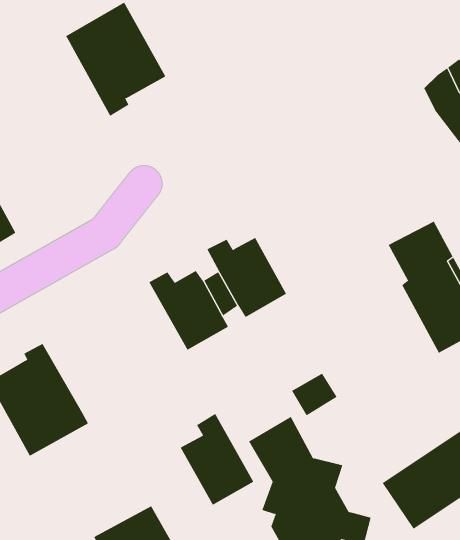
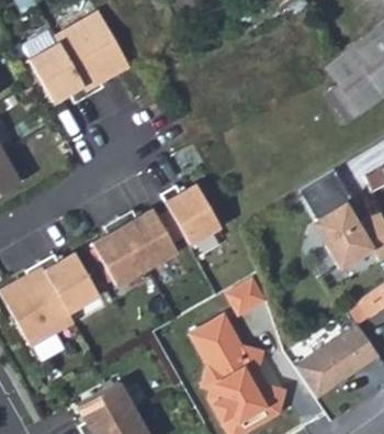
building: none -> [31,43,91,104]
building: none -> [42,253,101,313]
building: [180,413,254,506] -> [93,219,148,287]

